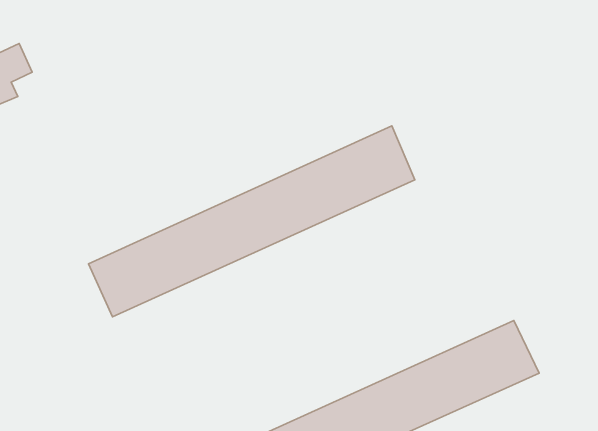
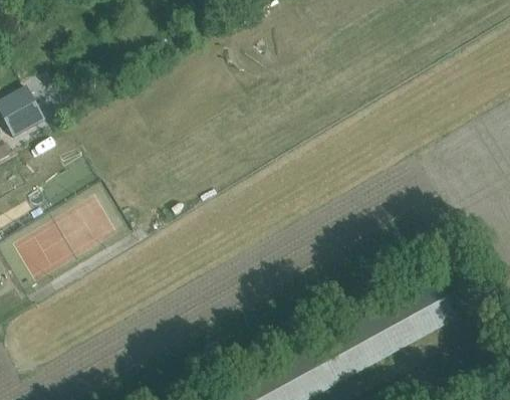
building: [89,126,415,317] -> none

